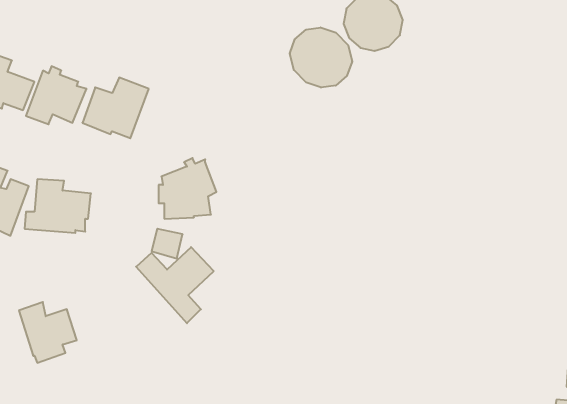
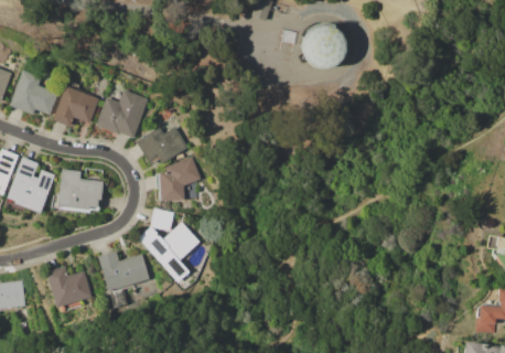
building: [290,27,352,88] -> none
building: none -> [136,127,187,164]
building: none -> [97,252,149,308]

